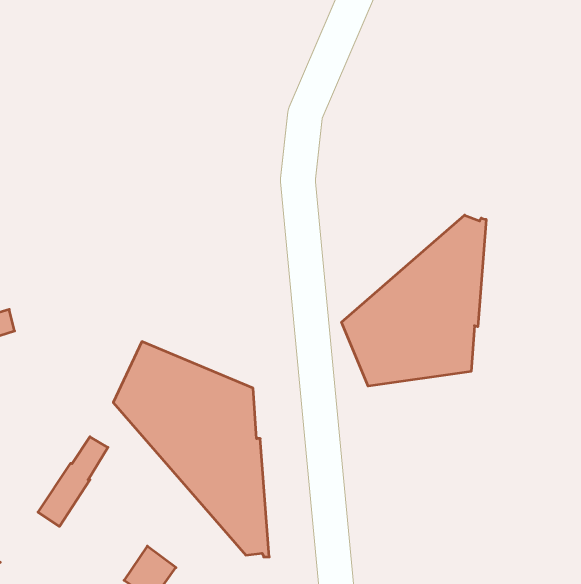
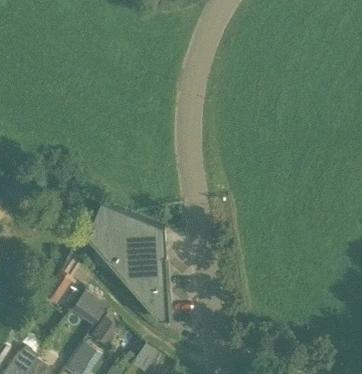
building: [342,215,486,386] -> none
building: none -> [75,290,109,325]

